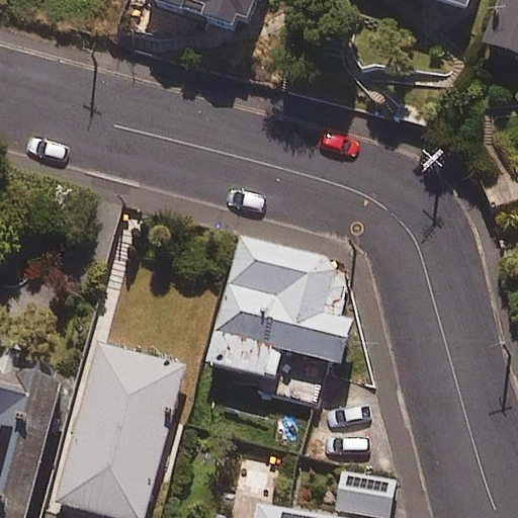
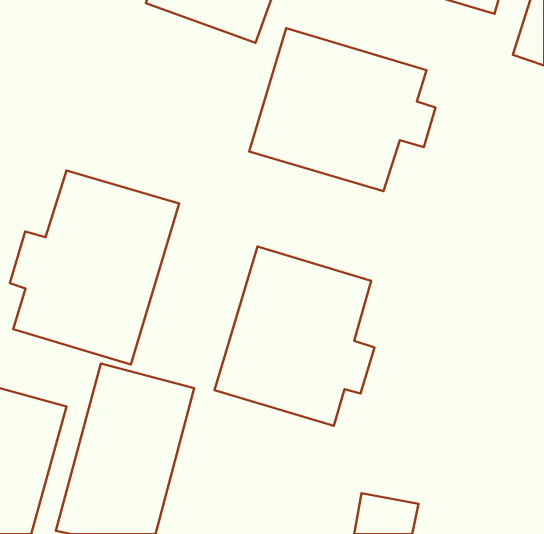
building: none -> [249,28,436,191]
building: none -> [10,170,179,365]

